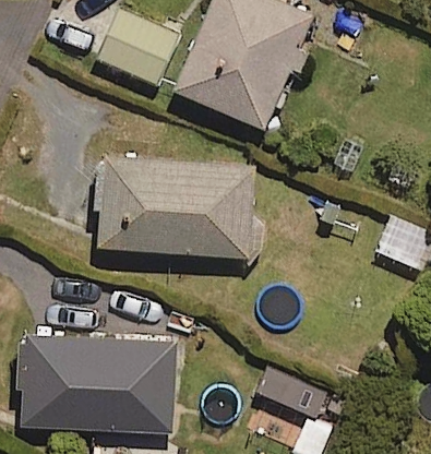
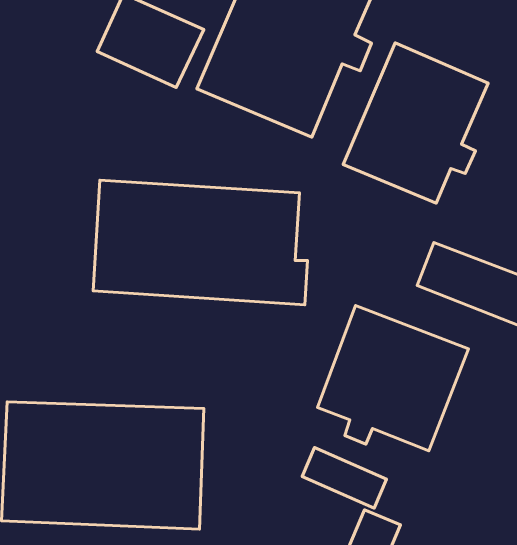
building: none -> [343,43,488,203]
building: none -> [317,306,469,451]

